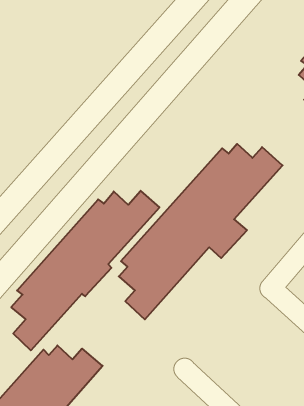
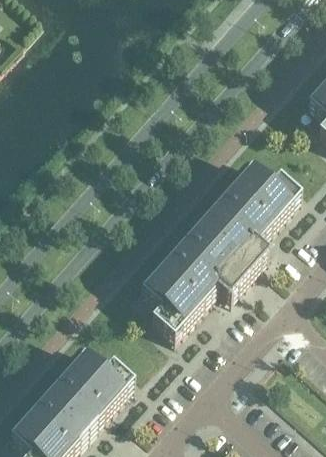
building: [11,191,159,350] -> none

